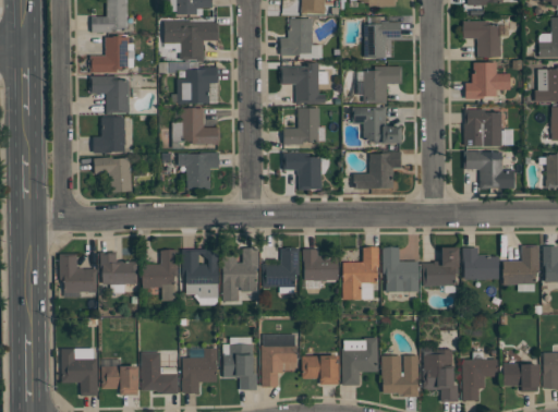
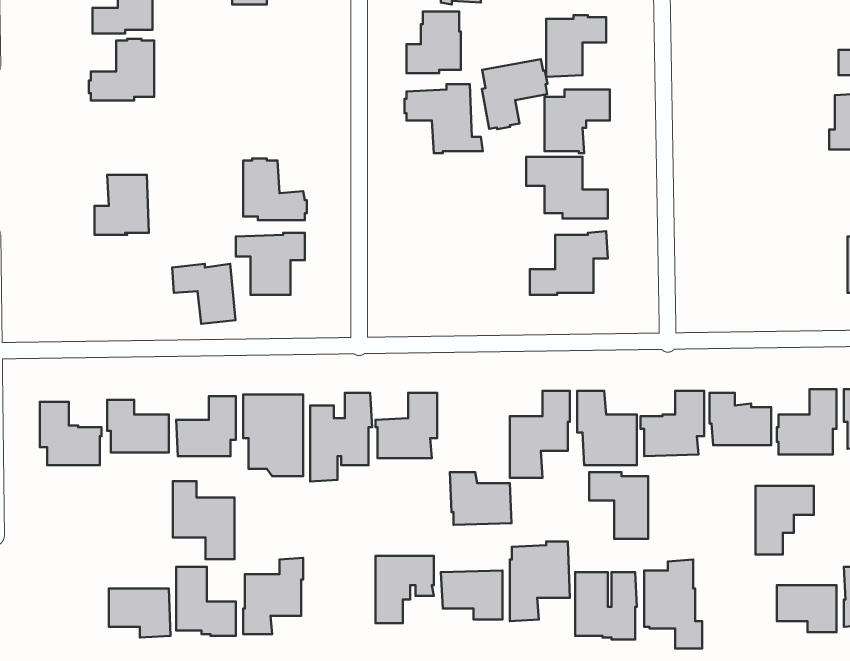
building: [463,20,501,56] -> none
building: [165,21,218,61] -> none
building: none -> [482,59,547,129]
building: [465,62,510,98] -> none
building: [177,66,218,104] -> none
building: [89,75,130,113] -> none
building: [283,108,319,144] -> none
building: [463,109,501,145] -> none
building: [464,152,514,189] -> none
building: [282,153,322,189] -> none
building: [94,156,132,192] -> [172,264,236,324]
building: [302,249,339,280] -> [450,472,512,525]
building: none -> [589,472,648,539]
building: [223,343,257,389] -> none
building: [61,348,98,395] -> [173,481,235,559]
building: [462,359,497,400] -> [756,486,814,555]

